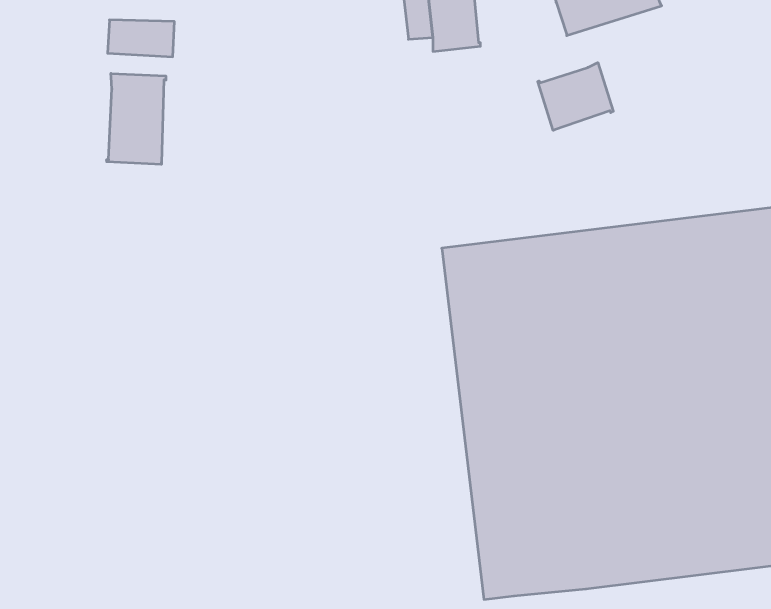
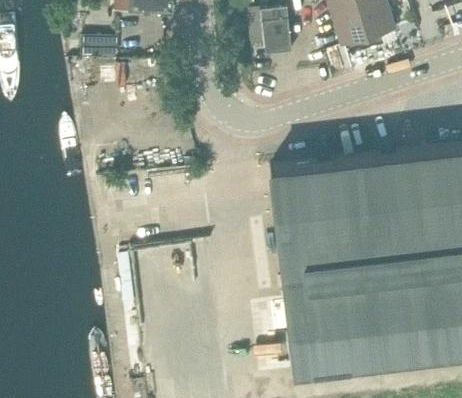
building: [538,63,613,130] -> none
building: [107,73,166,164] -> none

